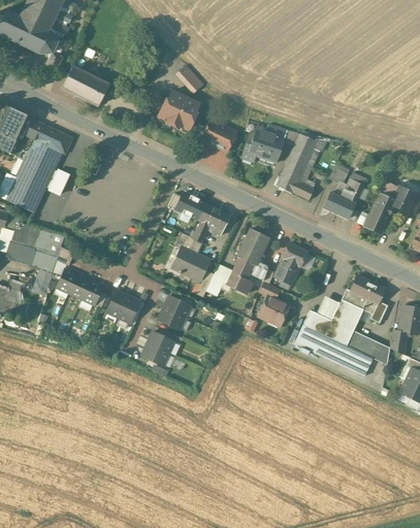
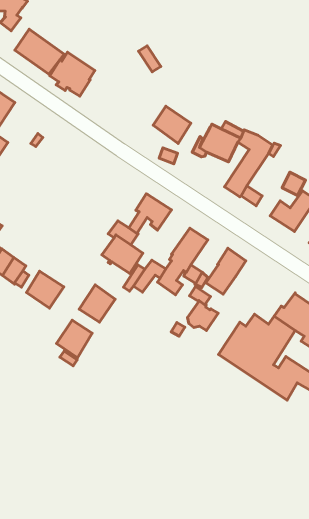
building: [158,91,199,130] -> [50,52,95,96]
building: [167,193,204,220] -> none

